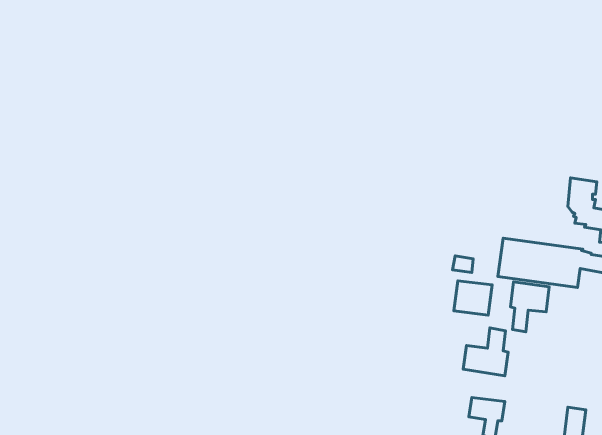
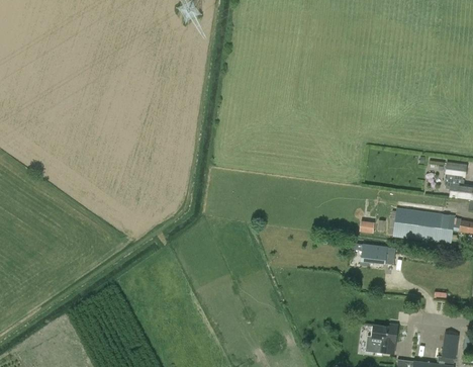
building: [510,282,549,332] -> none
building: [463,328,508,376] -> none

